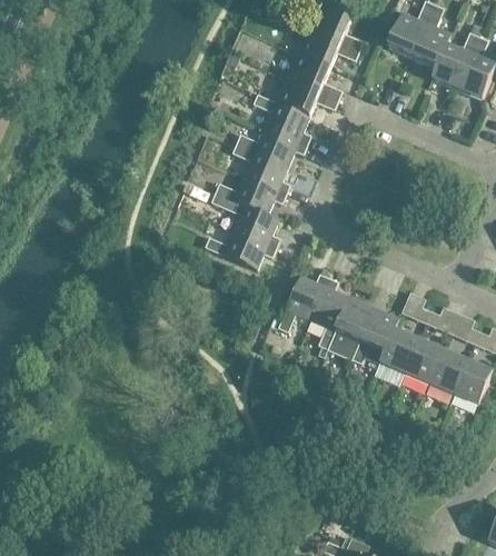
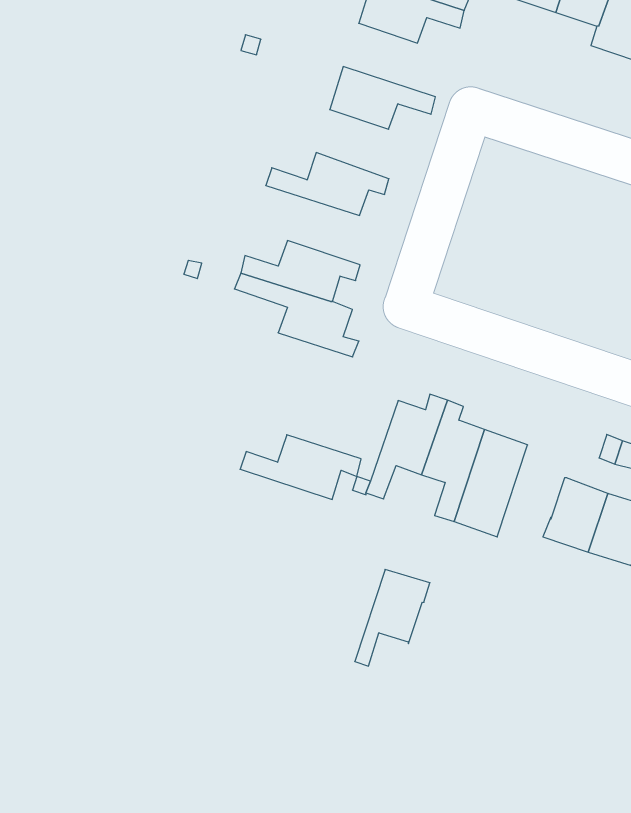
building: [286,53,343,100] -> none
building: [251,95,311,146] -> none
building: [231,143,290,195] -> none
building: [206,230,277,270] -> [240,435,361,499]
building: [353,308,400,364] -> [355,569,430,666]

